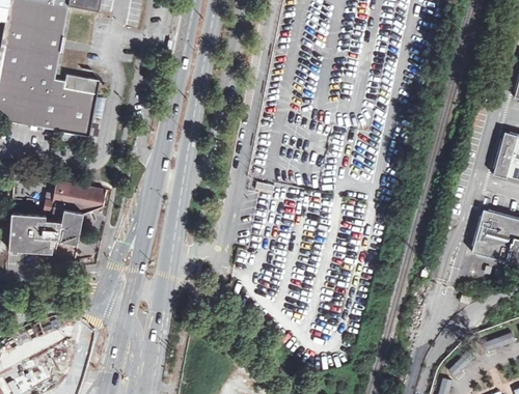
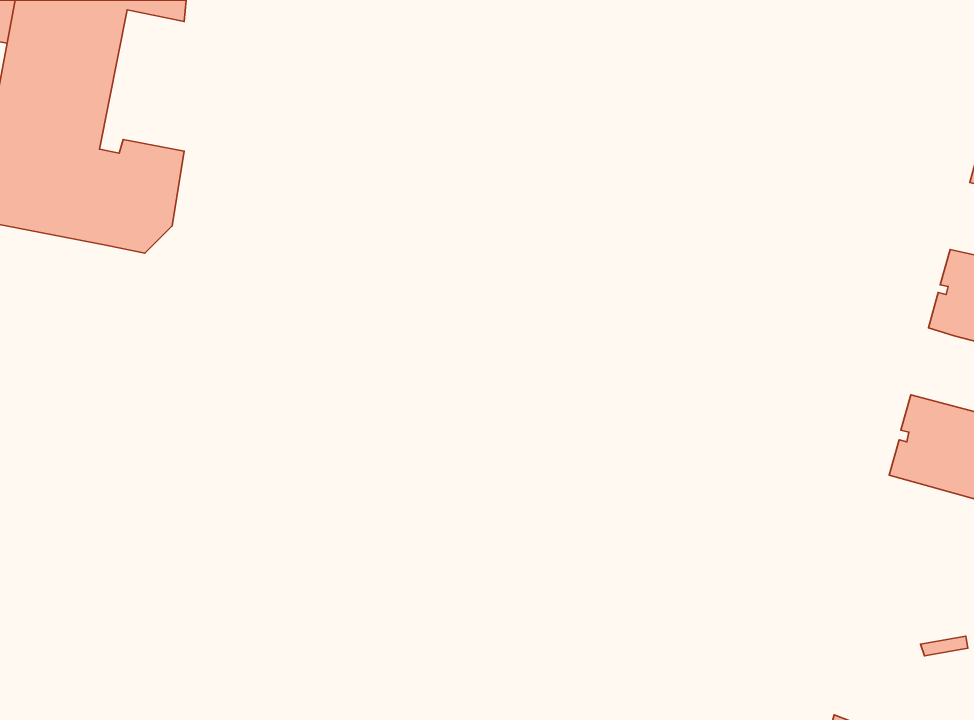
building: [9,179,107,252] -> none

